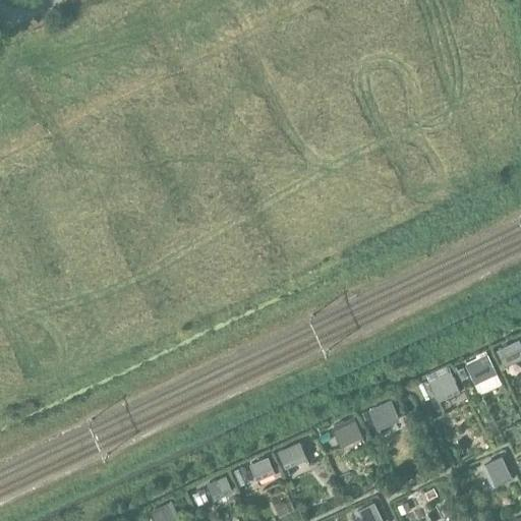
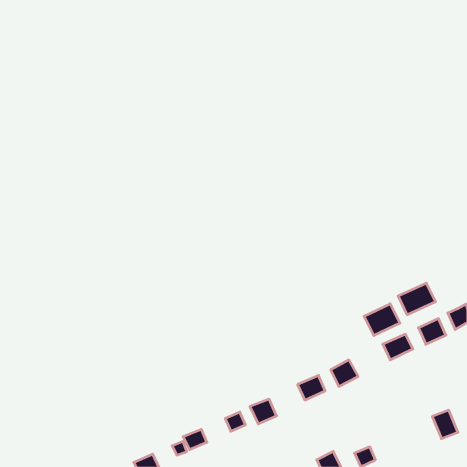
building: none -> [398,283,435,315]
building: none -> [364,304,400,336]

